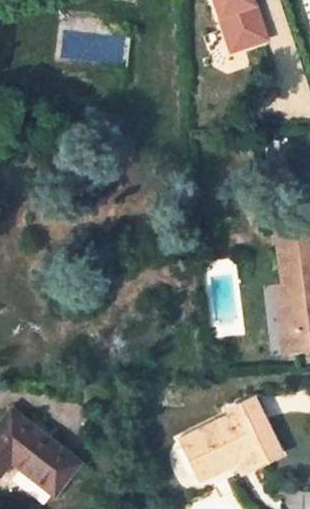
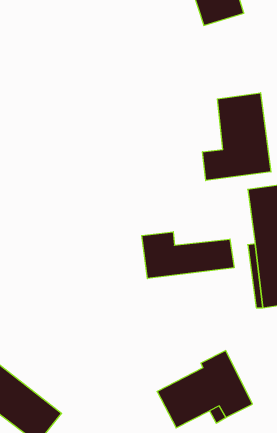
building: none -> [203,93,271,181]
building: none -> [142,232,234,279]

